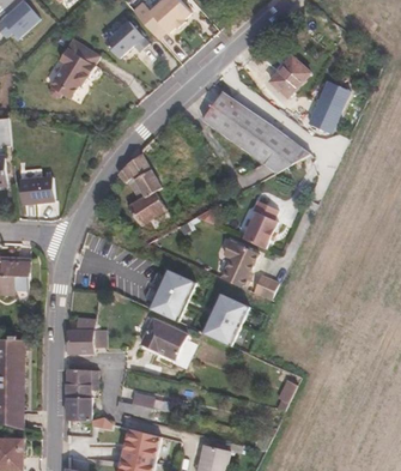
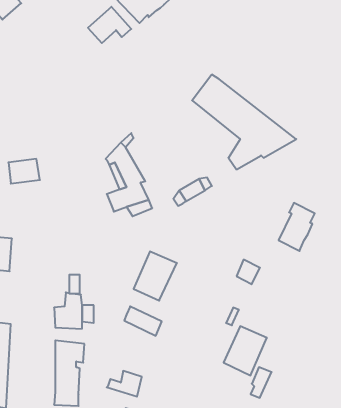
building: [48,37,98,97] -> none
building: [278,53,314,92] -> none
building: [308,83,350,134] -> none
building: [247,206,284,255] -> [279,203,315,251]
building: [224,244,259,291] -> none
building: [203,296,248,346] -> [224,326,267,375]

